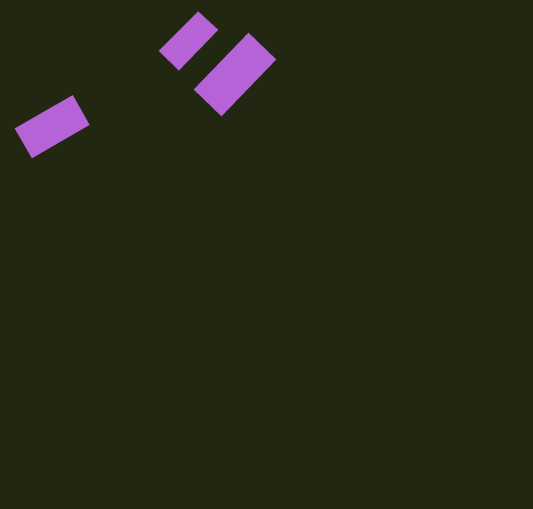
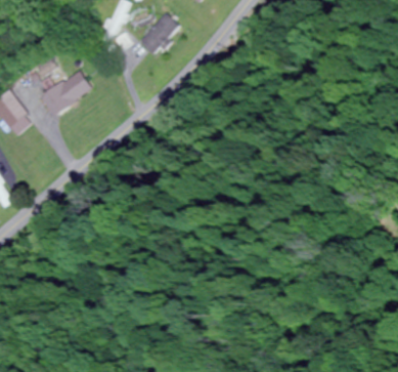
building: [193,32,277,117] -> none

